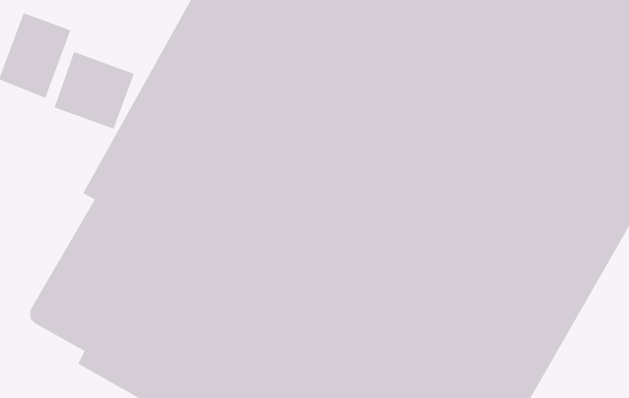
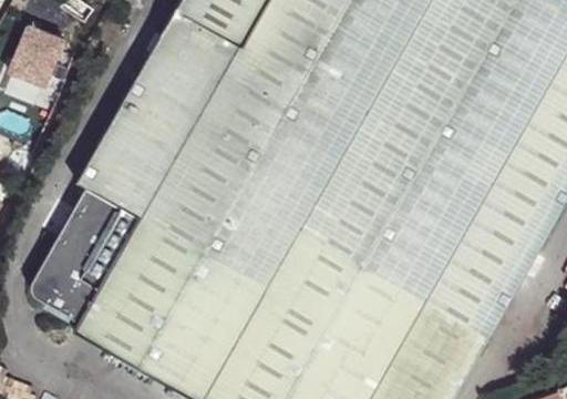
building: [54,51,134,129] -> none

